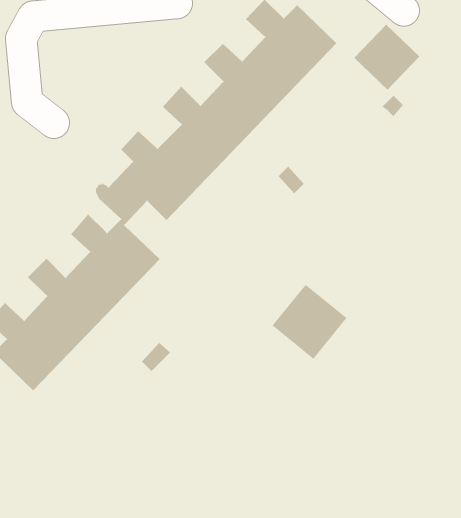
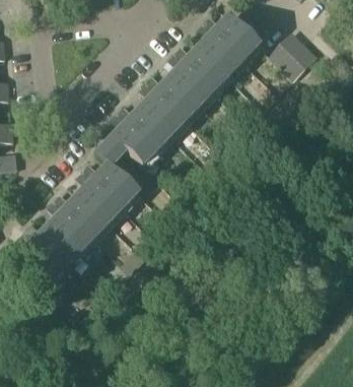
building: [272,284,348,360] -> none

